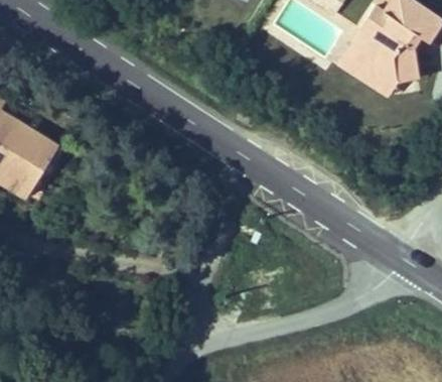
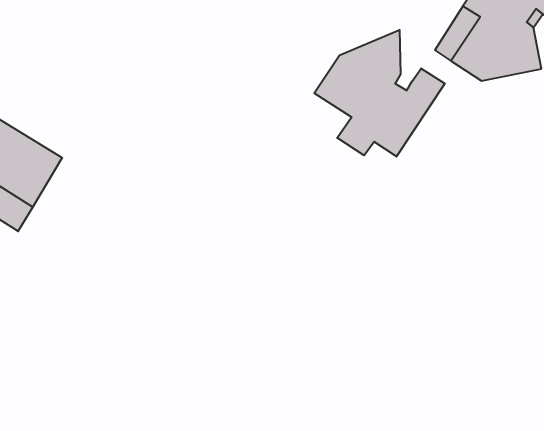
building: none -> [314,30,445,157]

